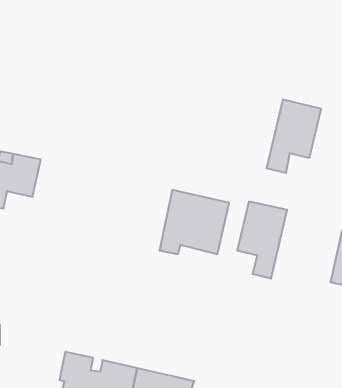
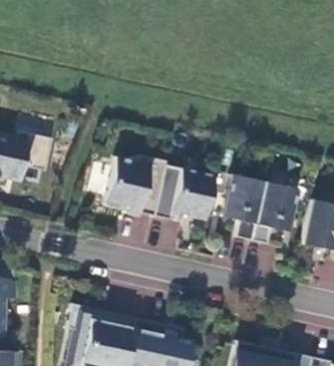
building: [267,100,321,173] -> [252,181,299,245]
building: none -> [106,154,168,217]

